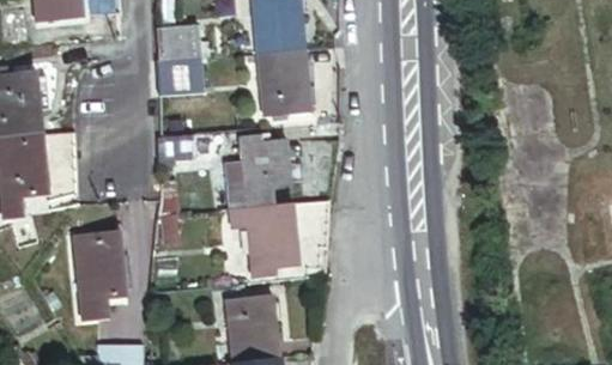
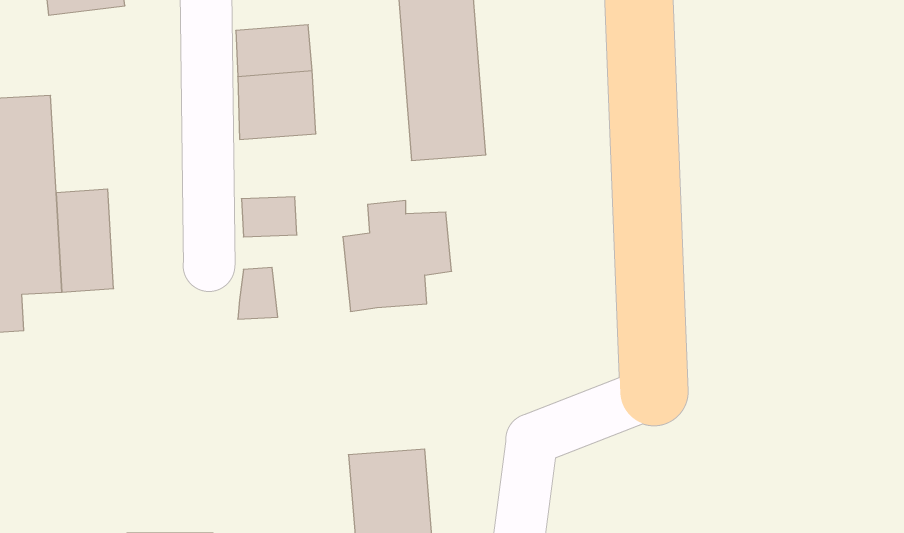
building: [242,199,331,276] -> none
building: [73,231,126,300] -> none

